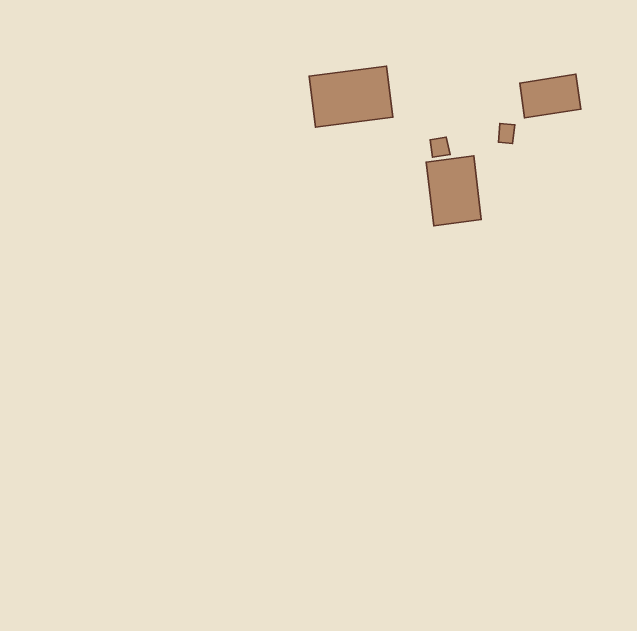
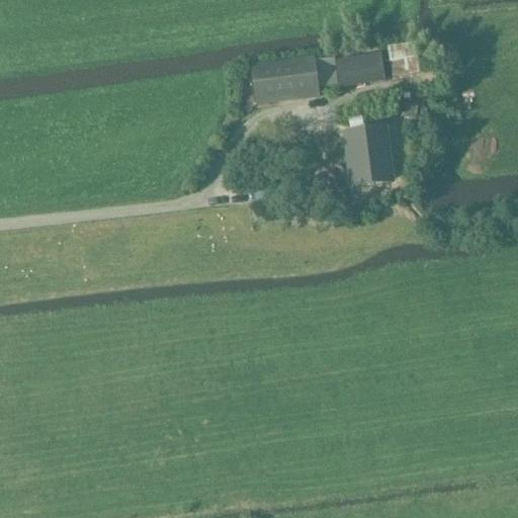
building: [520,74,581,118] -> [336,51,385,86]

